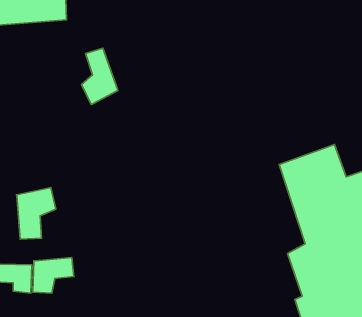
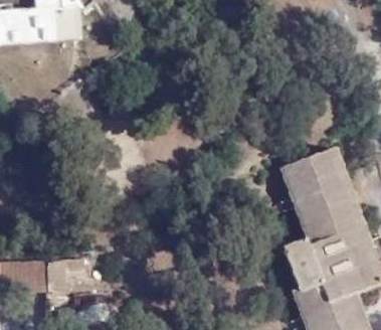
building: [81,48,118,105] -> none
building: [17,188,56,239] -> none

